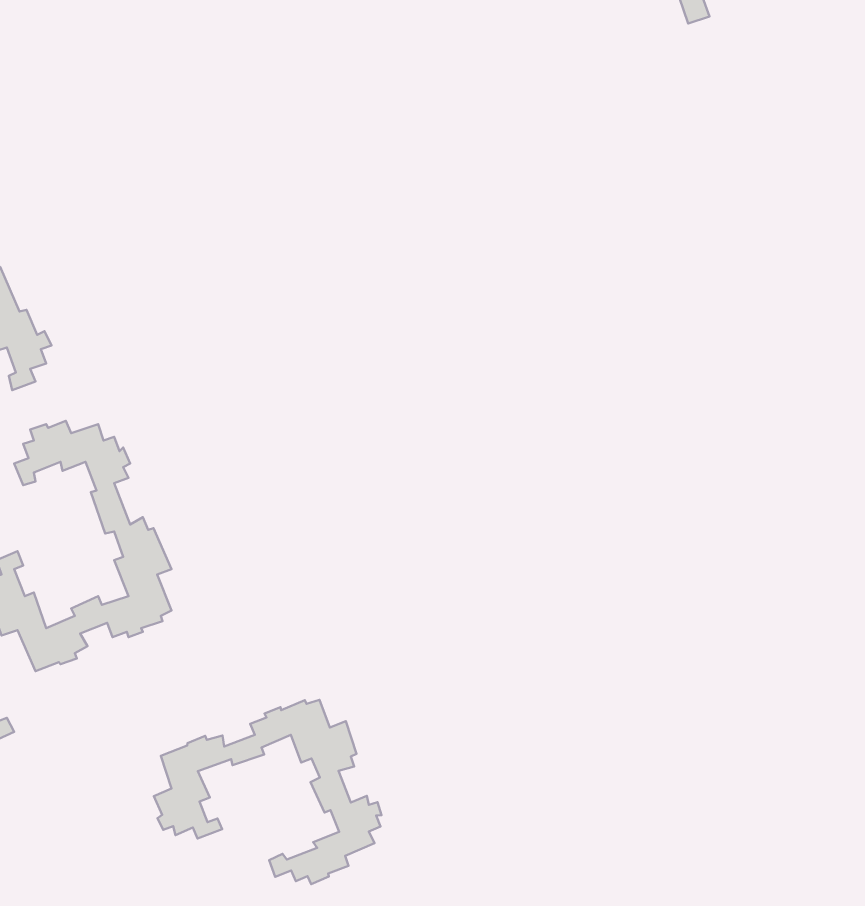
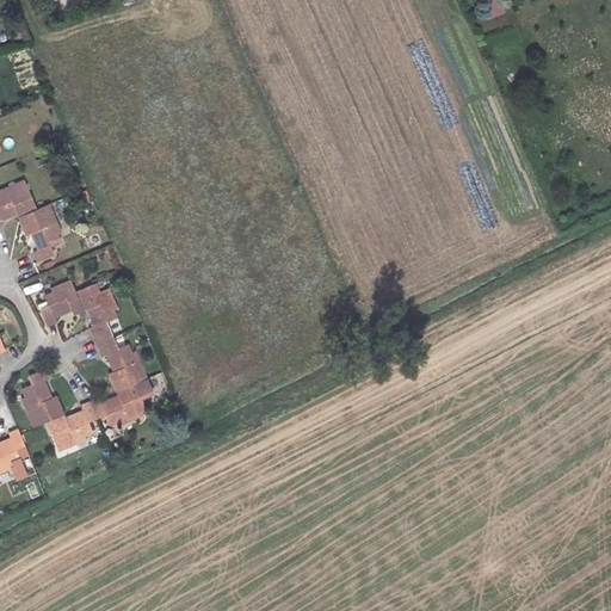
building: [154,700,382,884] -> none

